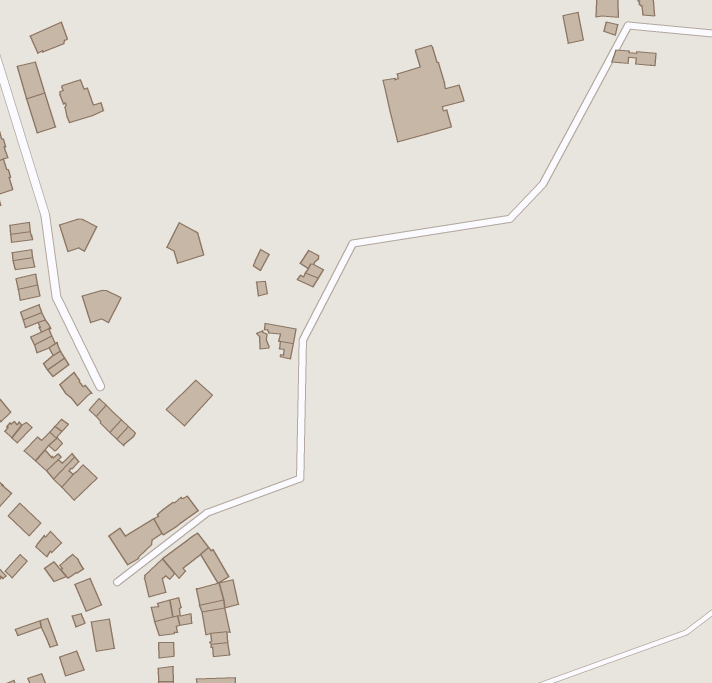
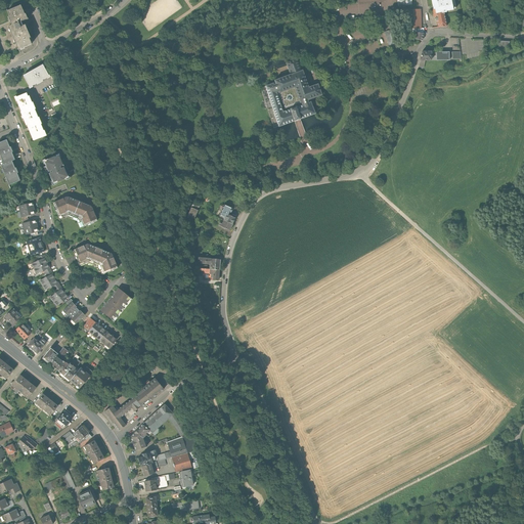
building: [60,80,104,123] -> [45,154,76,183]
building: [167,223,204,263] -> [72,201,97,228]
building: none -> [92,248,118,274]
building: [166,380,212,426] -> [99,288,130,319]

